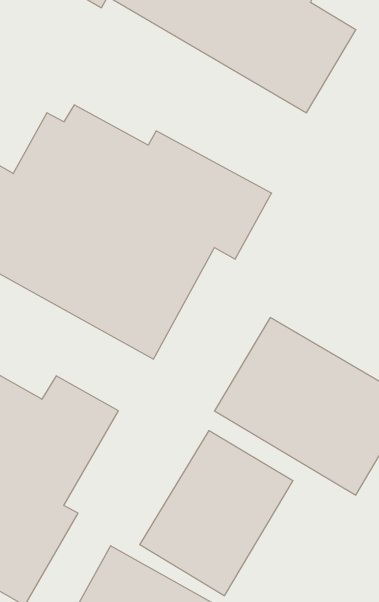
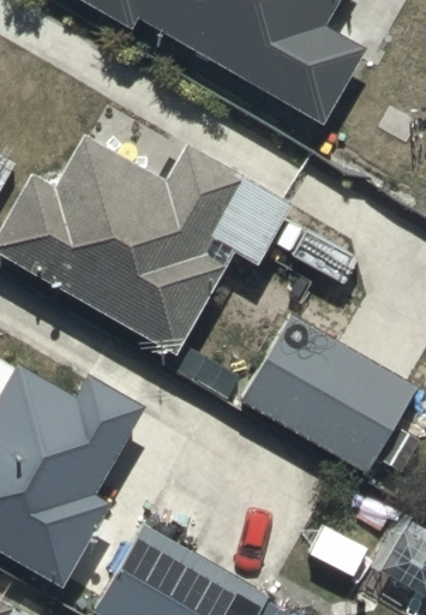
building: [140,431,293,596] -> none

